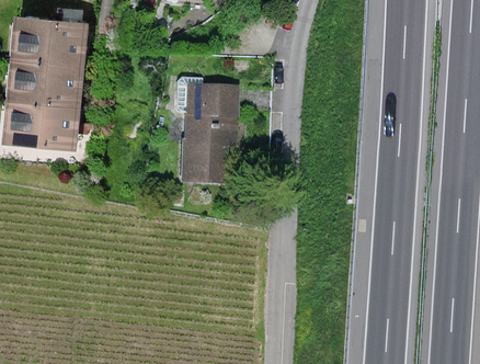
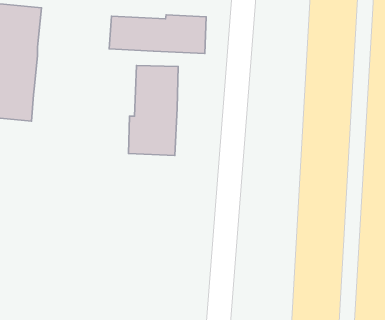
building: none -> [109,15,206,53]

